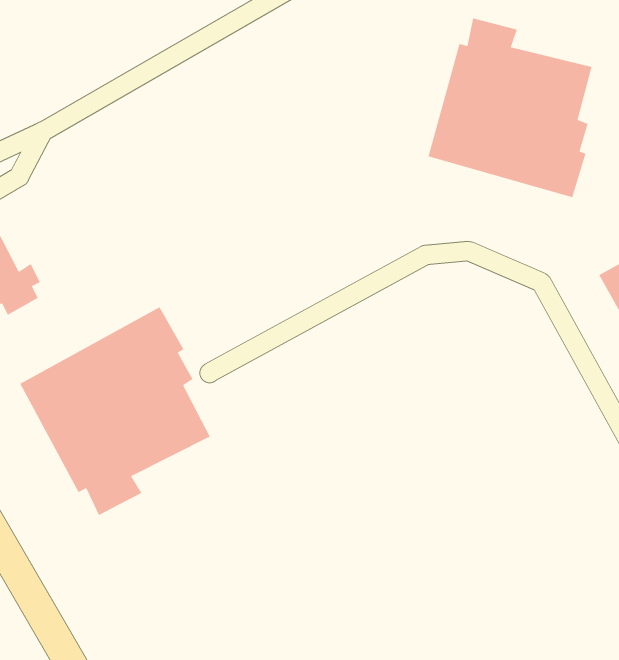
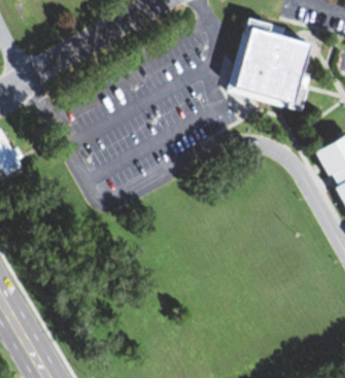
building: [19,306,211,516] -> none

